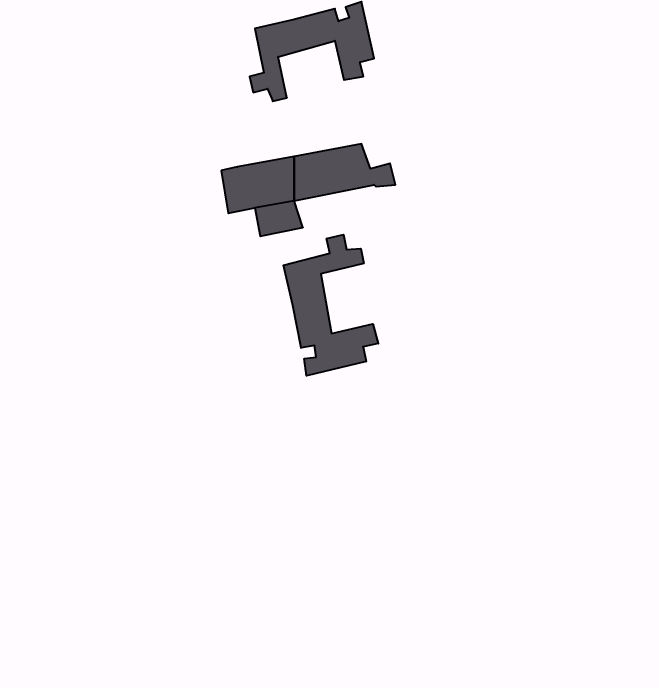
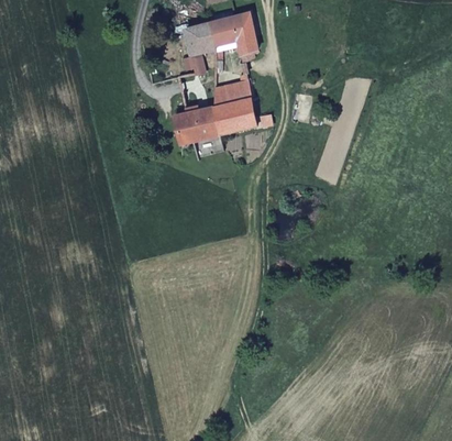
building: none -> [209,84,251,108]
building: [283,235,378,376] -> none

